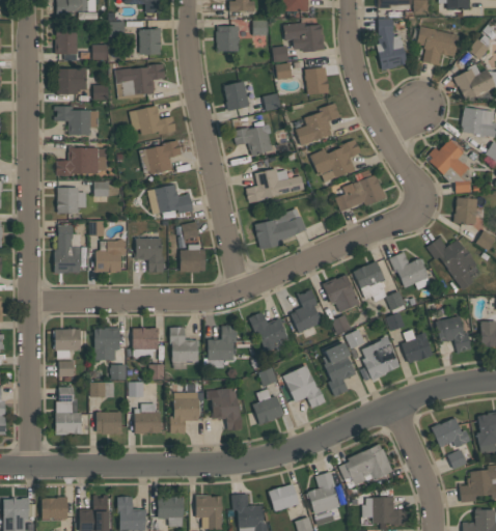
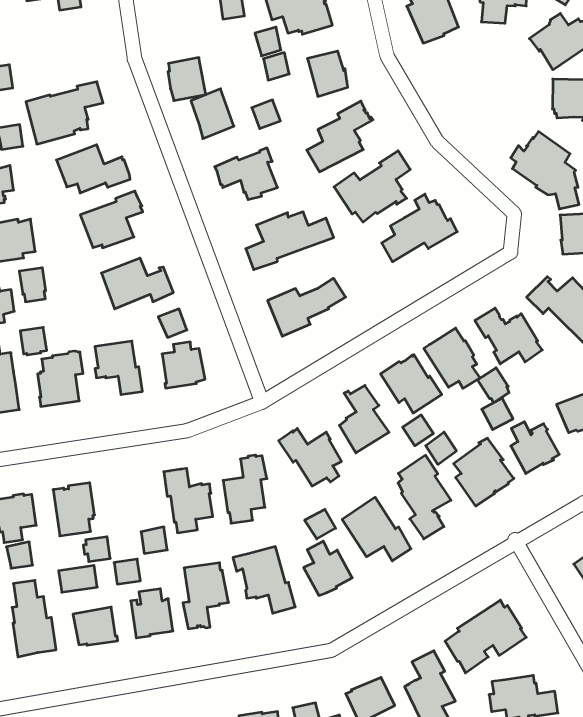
building: [216,26,239,52] -> [168,58,206,101]
building: [138,28,161,55] -> none
building: [133,328,159,360] -> none

